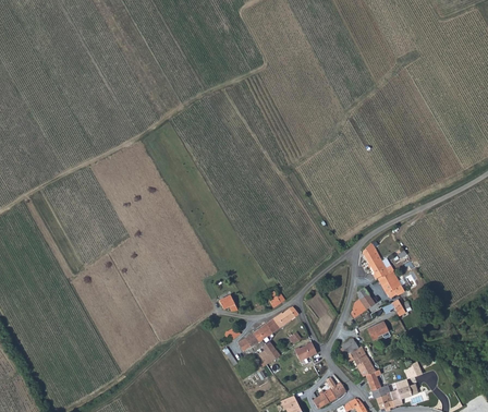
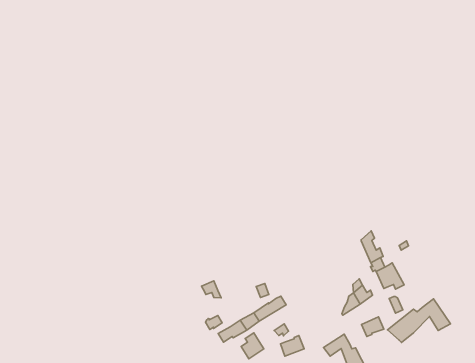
building: none -> [388,299,450,343]

